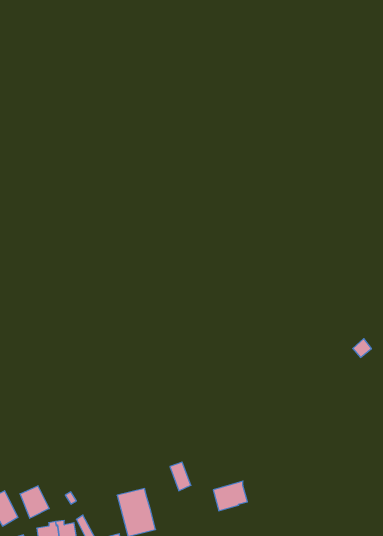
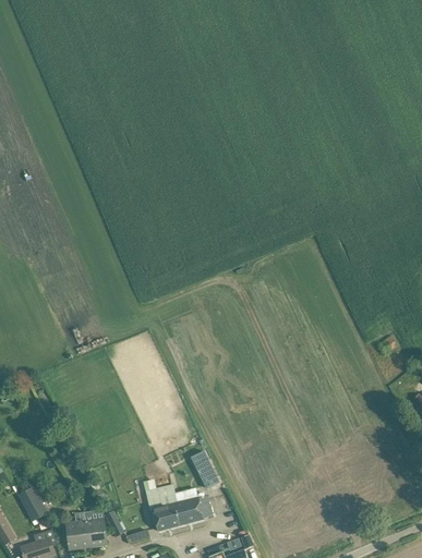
building: [213,481,247,511] -> [178,495,212,524]
building: [20,486,49,518] -> none

